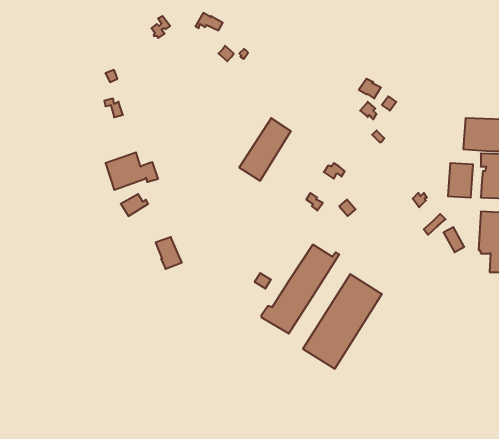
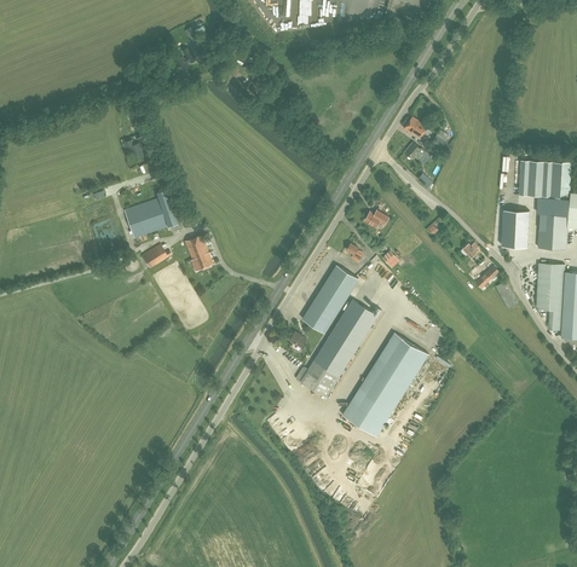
building: [239,118,291,181] -> [301,265,358,334]
building: [156,237,182,269] -> [184,236,213,271]

